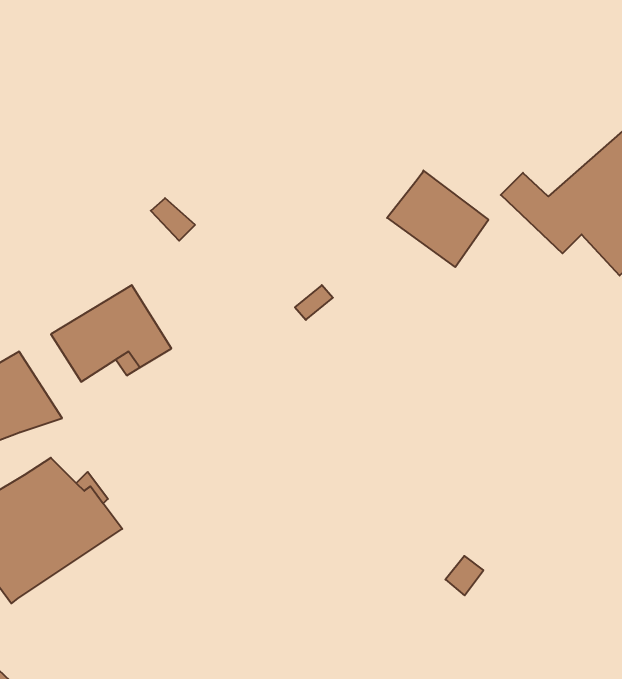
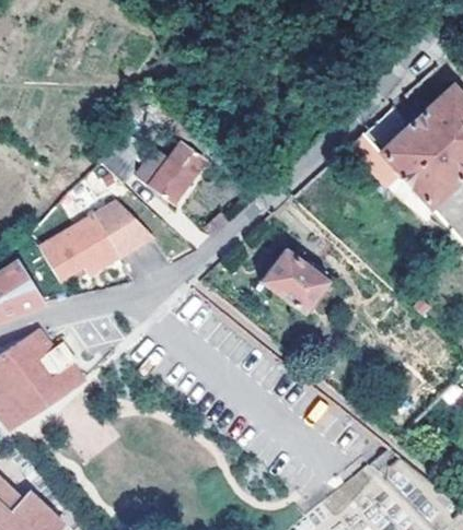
building: [387,170,488,267] -> [259,247,329,314]
building: none -> [138,140,204,199]
building: none -> [94,190,155,256]

